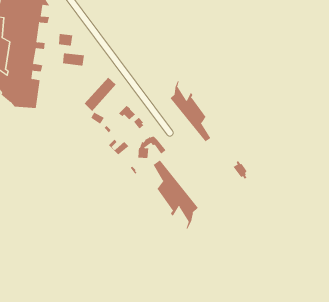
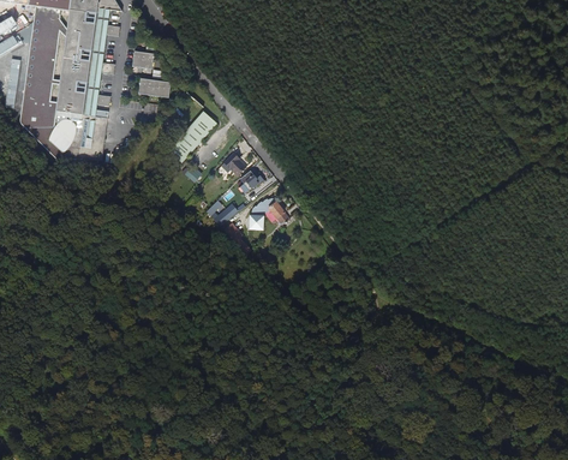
building: [170,80,211,142] -> none
building: [153,159,199,230] -> none

